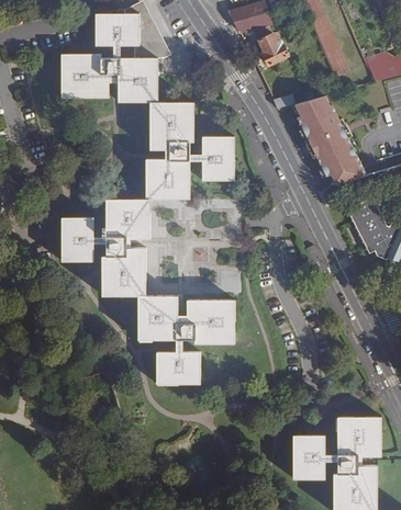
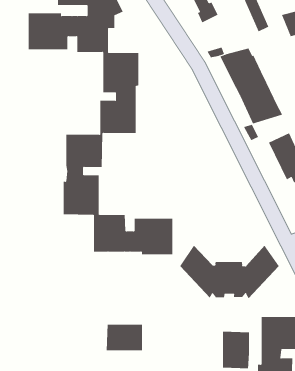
building: [202,137,234,181] -> none
building: [62,217,93,262] -> none
building: none -> [180,245,279,299]
building: [156,352,200,384] -> [106,324,143,351]

